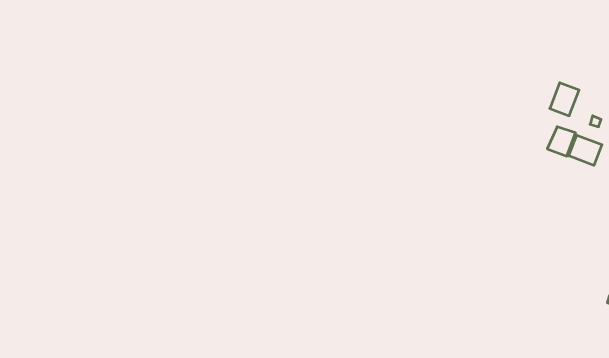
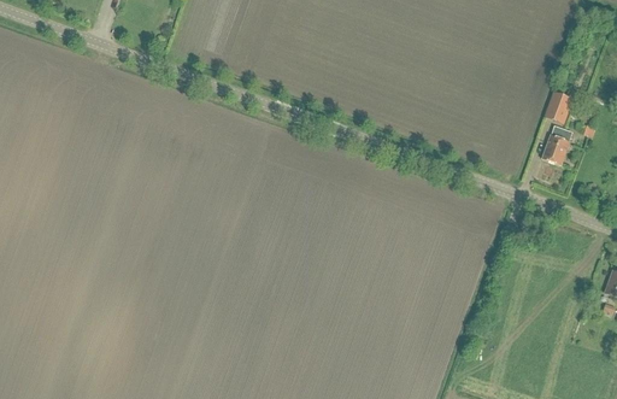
building: [569,135,602,165] -> none

